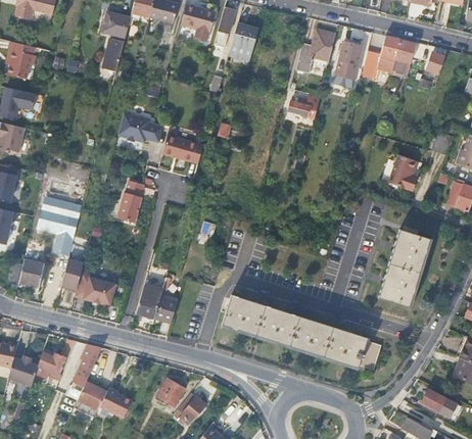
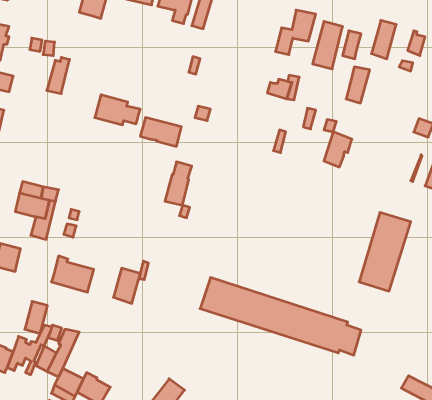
building: [229,26,257,59] -> none
building: [102,35,125,70] -> [47,57,70,94]
building: [377,36,400,71] -> [346,67,370,103]
building: [390,153,418,188] -> [324,132,352,167]
building: [117,180,144,223] -> [165,162,192,205]
building: [61,259,84,291] -> [25,301,47,333]
building: [154,296,178,323] -> none
building: [157,379,185,406] -> none

